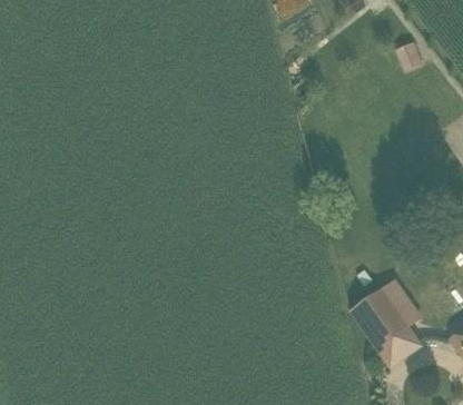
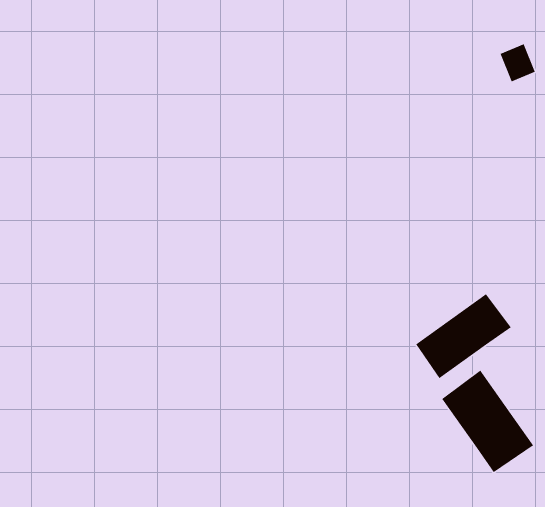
building: none -> [415,293,512,379]

